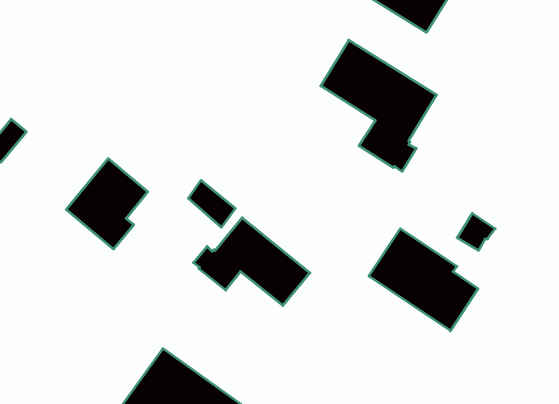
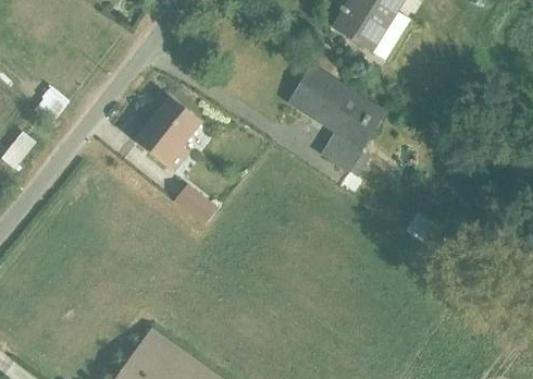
building: [66,159,148,249] -> [132,95,201,172]
building: [193,218,310,306] -> none
building: [369,229,478,331] -> none

